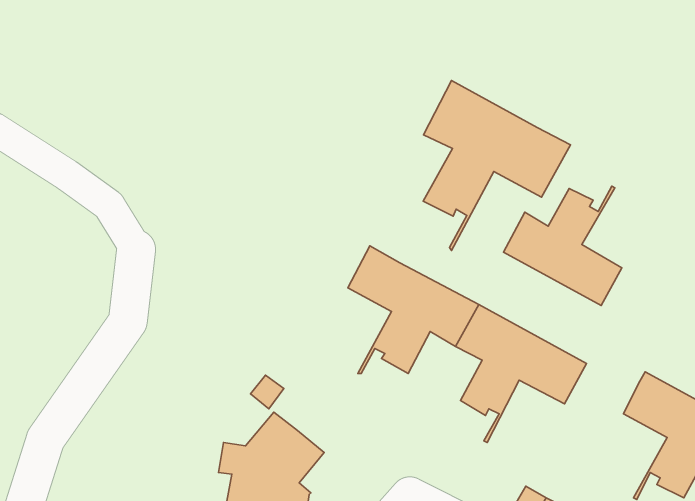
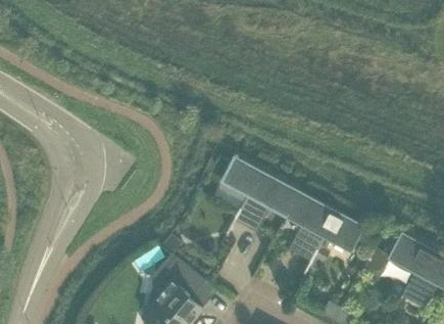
building: [423,81,571,251] -> none
building: [504,186,622,306] -> none

